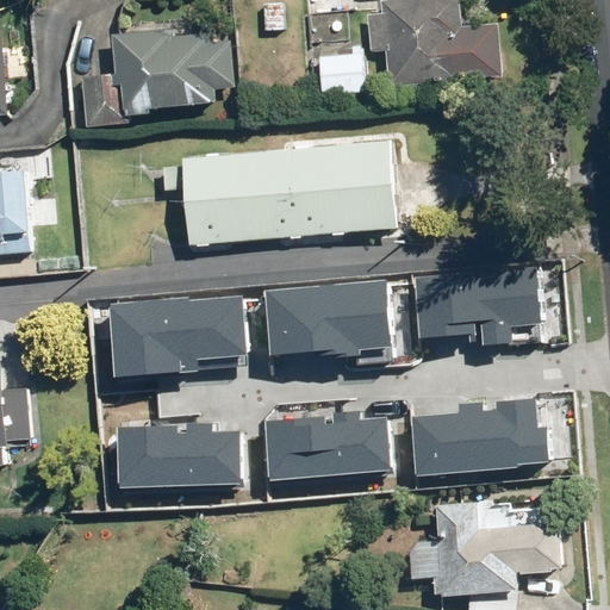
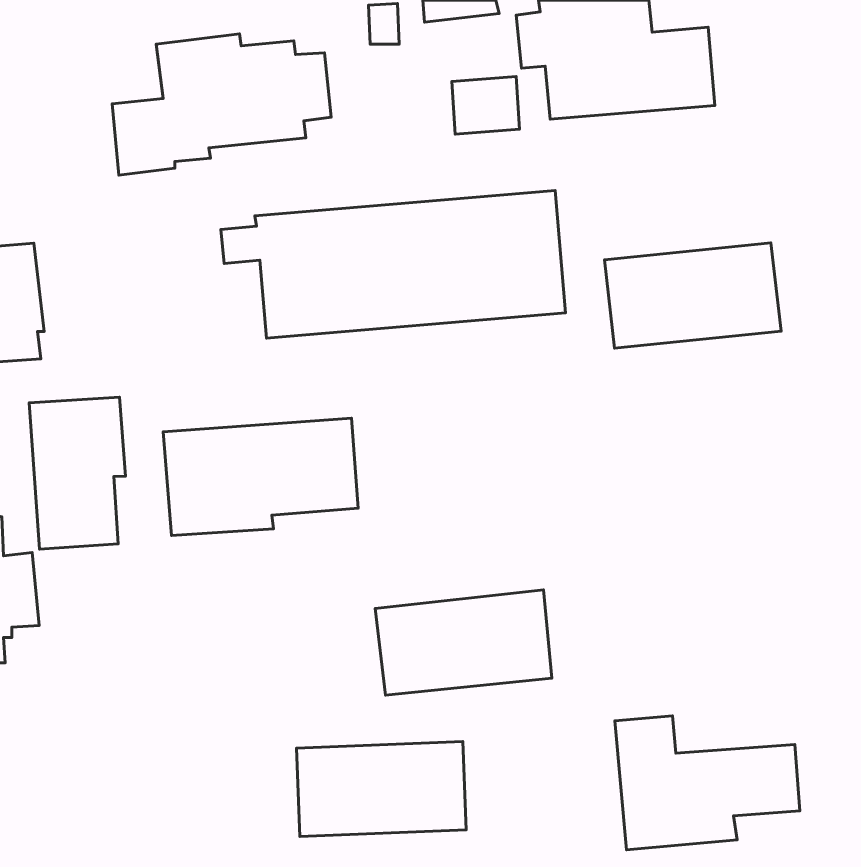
building: [410,264,534,338] -> [604,243,781,348]
building: none -> [29,397,126,549]
building: [268,282,391,356] -> none
building: [411,404,535,478] -> none
building: [124,427,243,493] -> [296,741,466,837]

